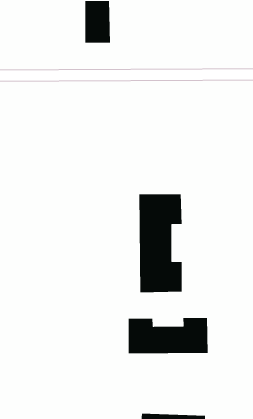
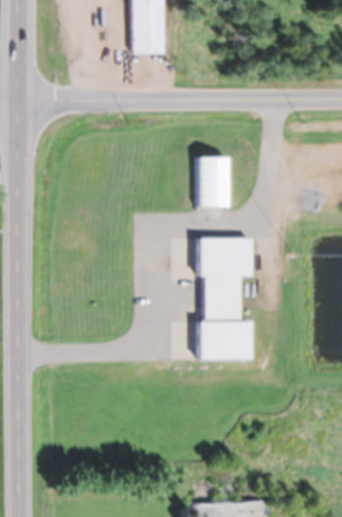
building: none -> [197,156,229,207]
building: [128,317,208,354] -> none

